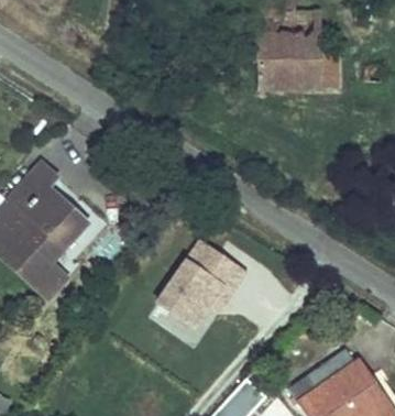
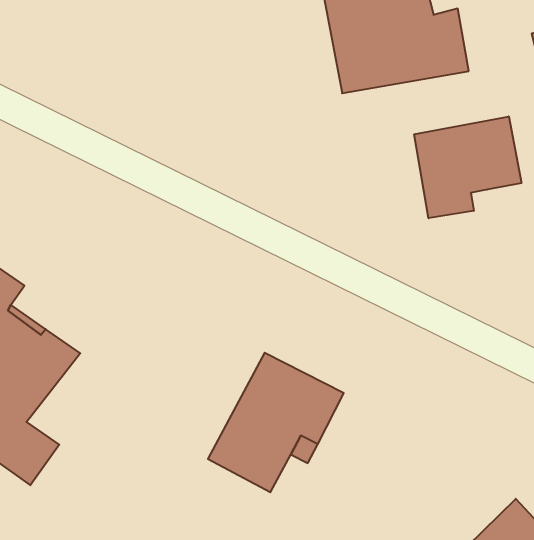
building: none -> [414,116,521,218]

